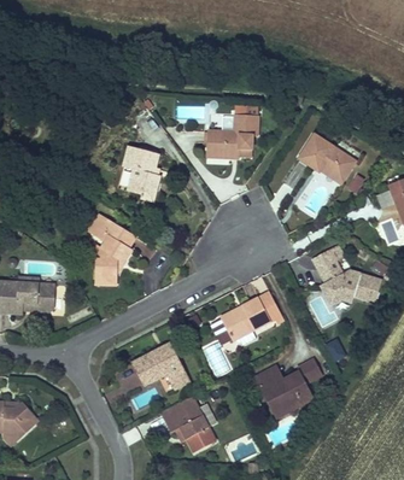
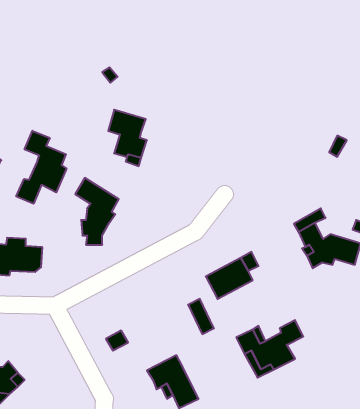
building: [205,115,257,154] -> none
building: [298,135,356,183] -> none
building: none -> [16,131,66,204]
building: [134,344,191,390] -> none

